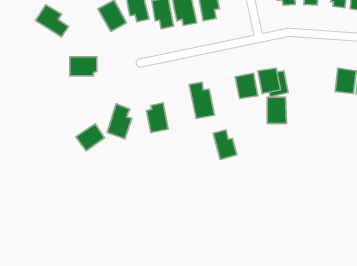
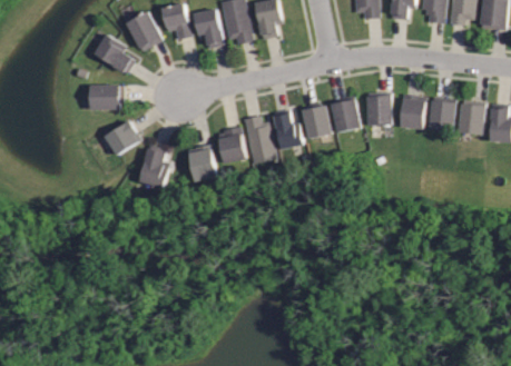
building: [35,5,68,37] -> [95,34,137,76]
building: none -> [402,95,428,129]
building: none -> [217,127,245,164]
building: [267,97,286,123] -> [368,92,393,126]
building: [76,124,105,151] -> [105,121,141,156]
building: [213,130,237,159] -> [274,111,304,149]

